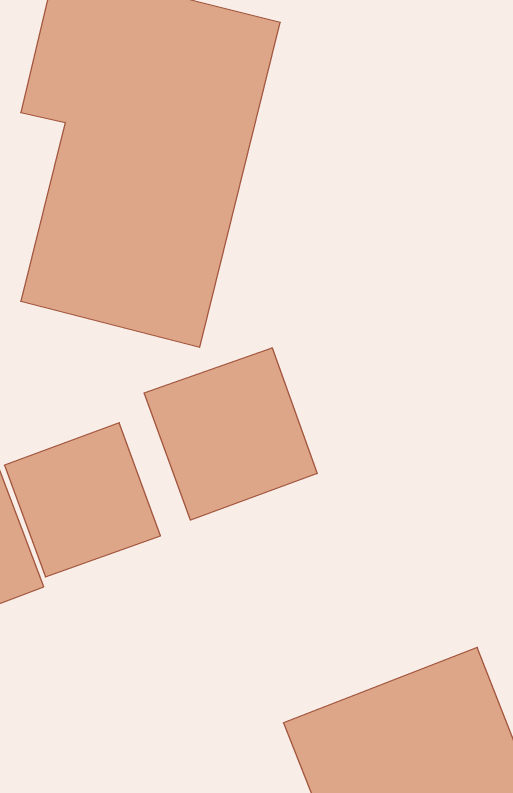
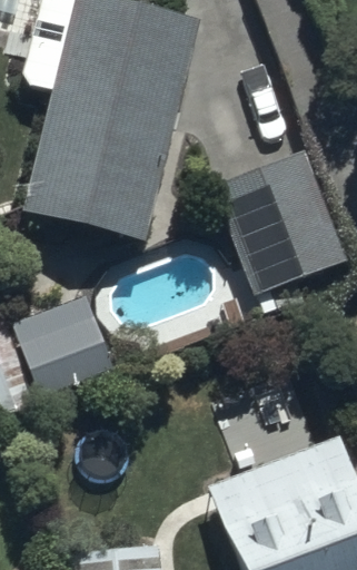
building: none -> [212,148,349,296]
building: [144,348,317,520] -> none

